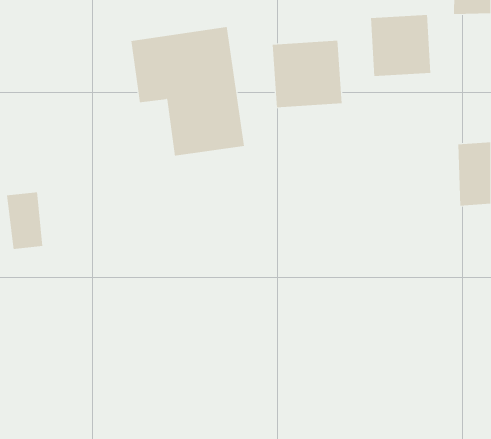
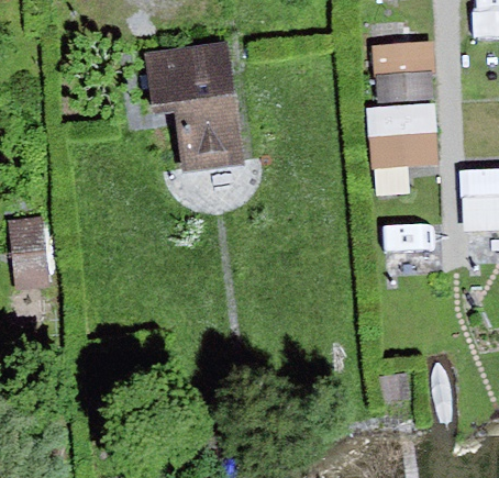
building: [272,40,343,108] -> [369,102,441,170]

